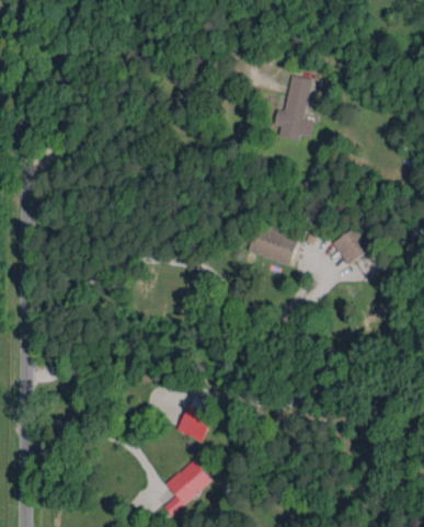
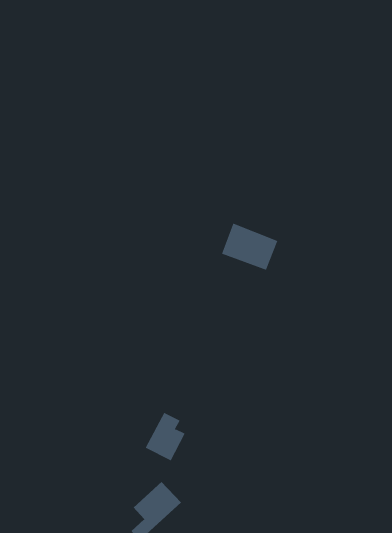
building: [275,76,314,139] -> none
building: [333,229,368,265] -> none

